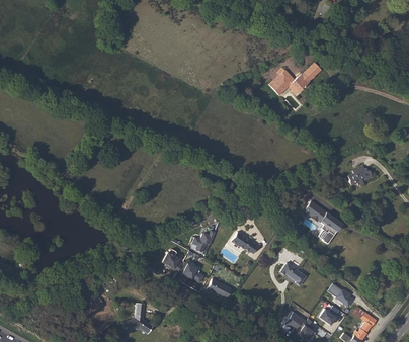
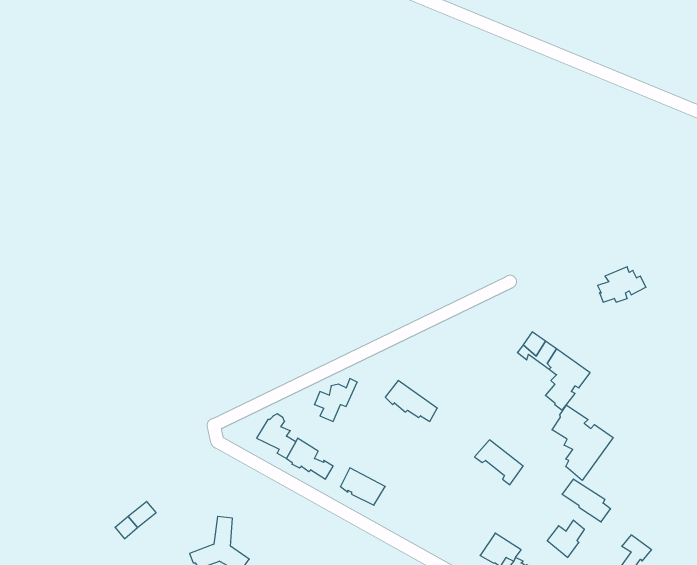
building: [265,68,317,98] -> none
building: none -> [552,405,613,480]

